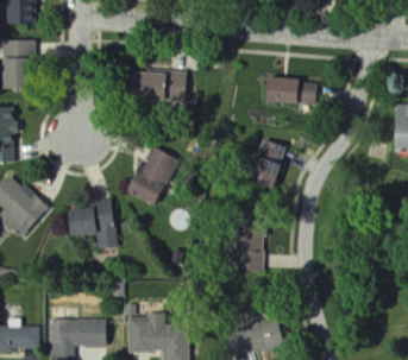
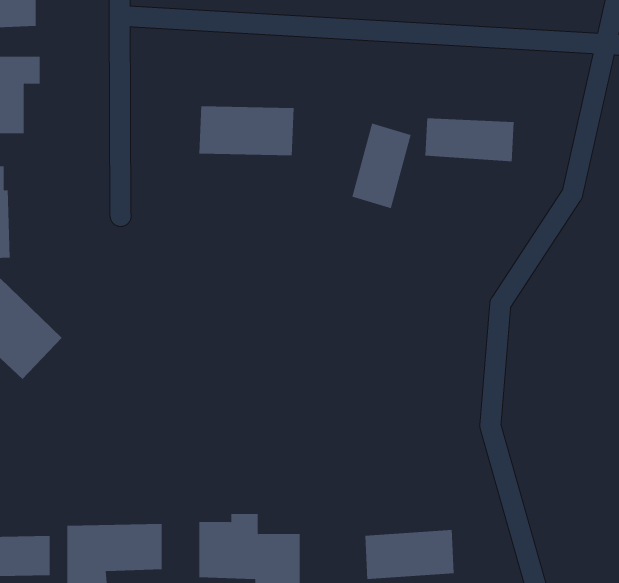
building: [249,138,284,189] -> [351,123,411,209]
building: [125,146,178,204] -> none
building: [67,200,115,248] -> none
building: [236,226,264,271] -> none

